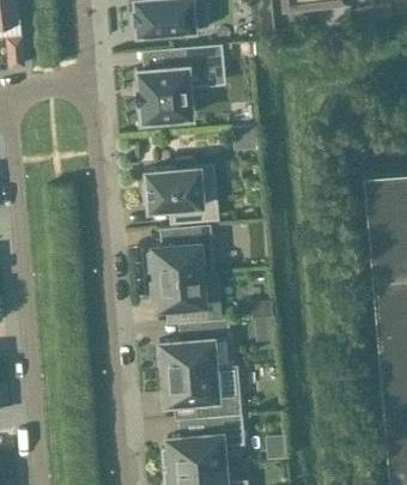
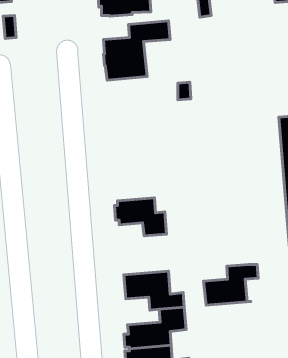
building: [146,162,221,226] -> none
building: [151,230,215,281] -> none
building: [162,325,232,377] -> [203,264,258,305]

